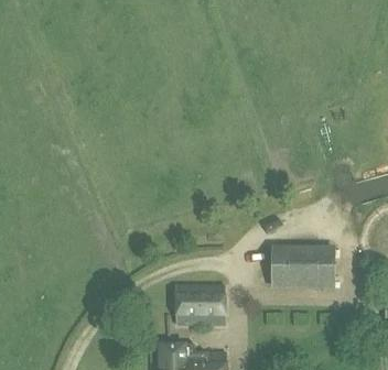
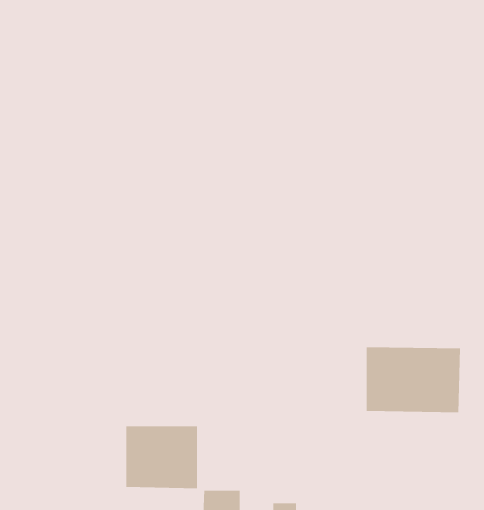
building: [174,283,224,326] -> [125,426,198,489]

